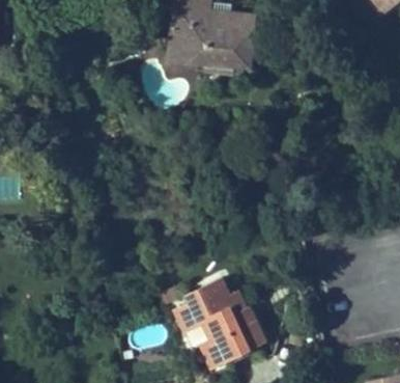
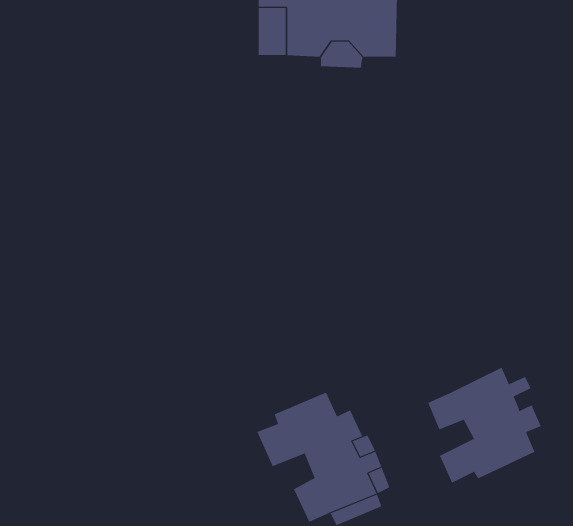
building: none -> [428,367,541,484]

